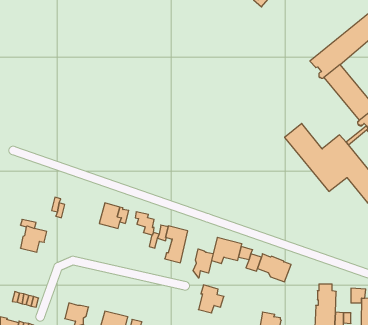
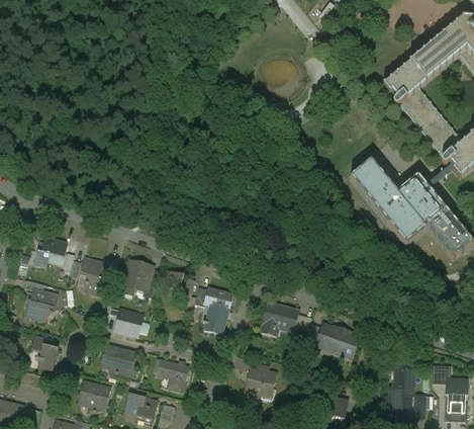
building: none -> [34,238,67,266]
building: none -> [81,257,104,294]
building: none -> [114,308,144,336]
building: [193,249,213,278] -> none
building: none -> [31,335,58,368]
building: none -> [102,346,136,378]
building: none -> [158,358,189,391]

